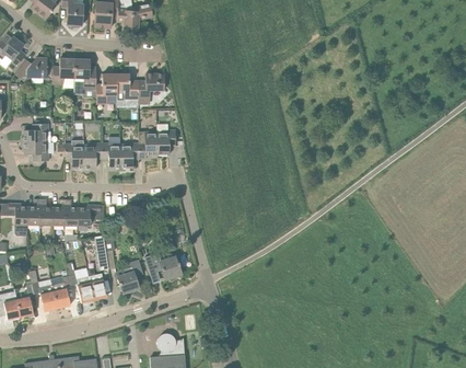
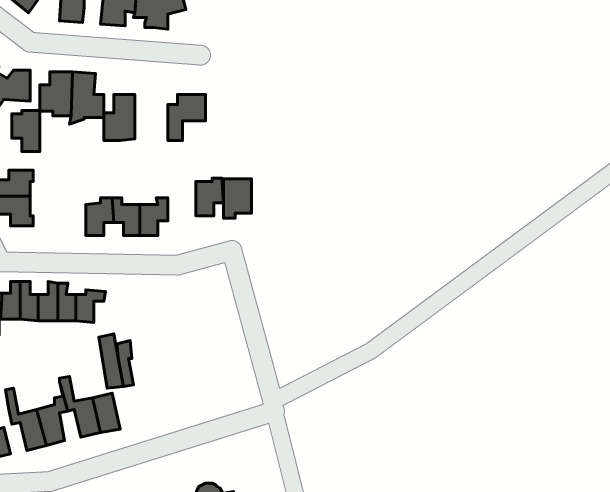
building: [117,73,139,100] -> none
building: [139,131,158,158] -> [224,179,251,218]
building: [66,140,84,168] -> [12,110,40,151]
building: [144,254,182,277] -> none
building: [116,258,143,292] -> none

